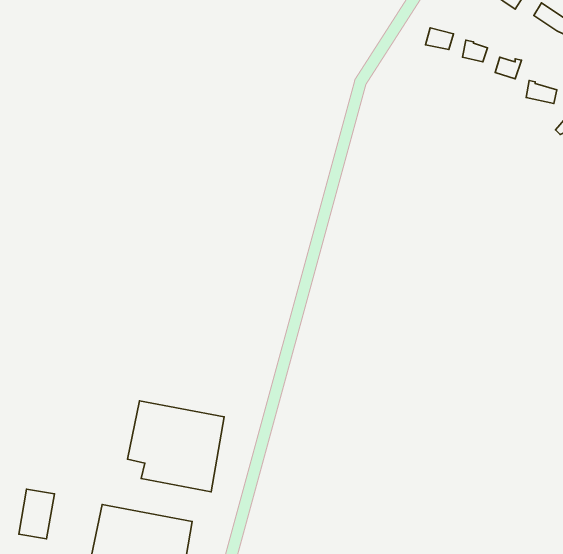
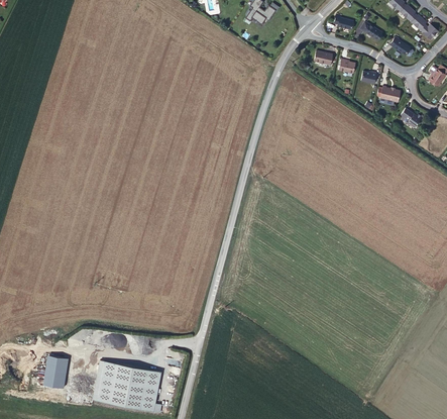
building: [127,401,224,492] -> none

